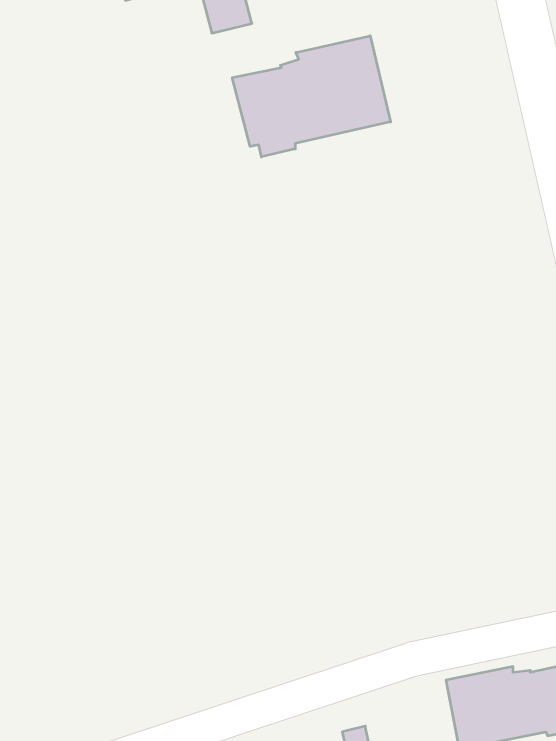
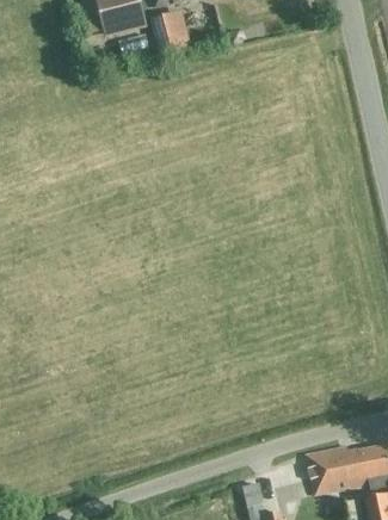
building: [232,36,391,157] -> none

